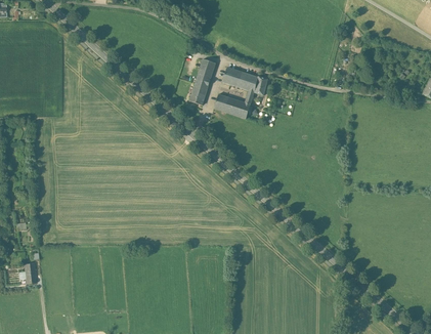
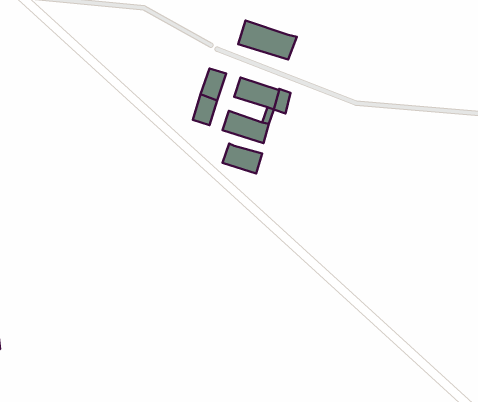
building: none -> [238,20,297,60]
building: none -> [222,144,262,173]

